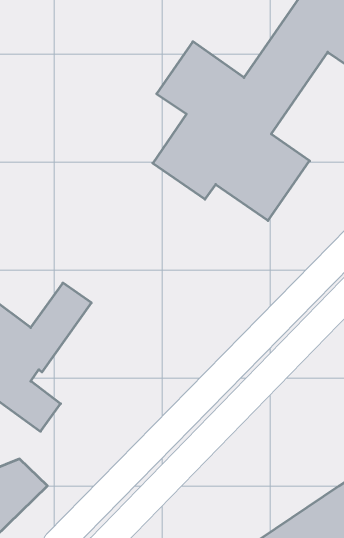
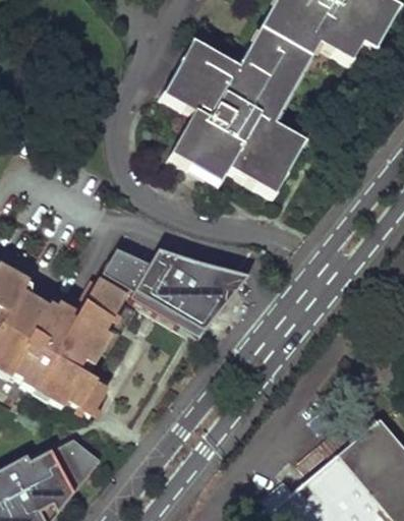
building: none -> [113,241,258,331]

